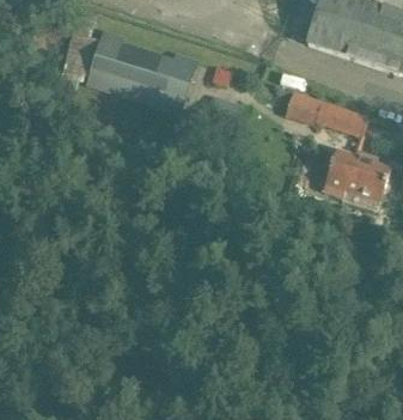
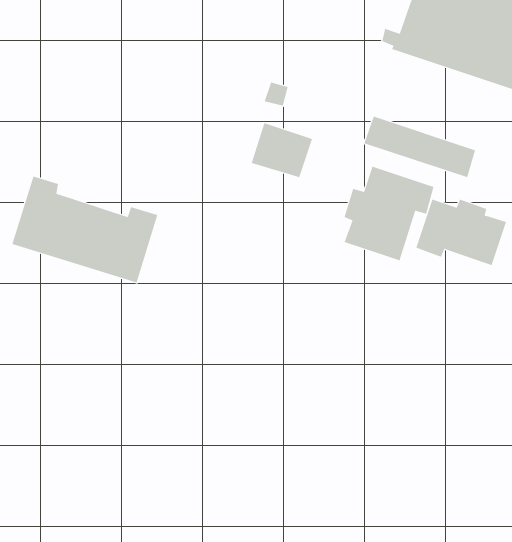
building: [86,31,194,110] -> [12,176,158,283]
building: none -> [344,166,434,261]

